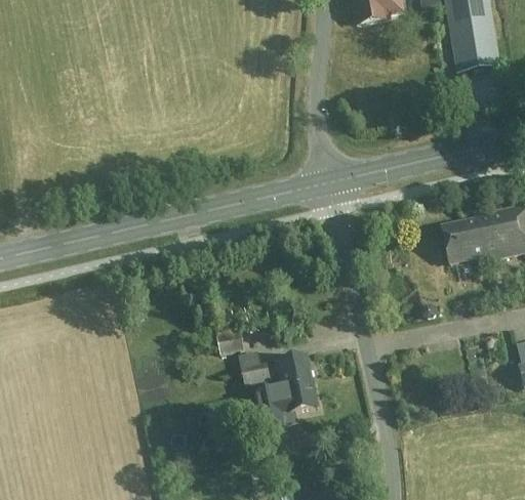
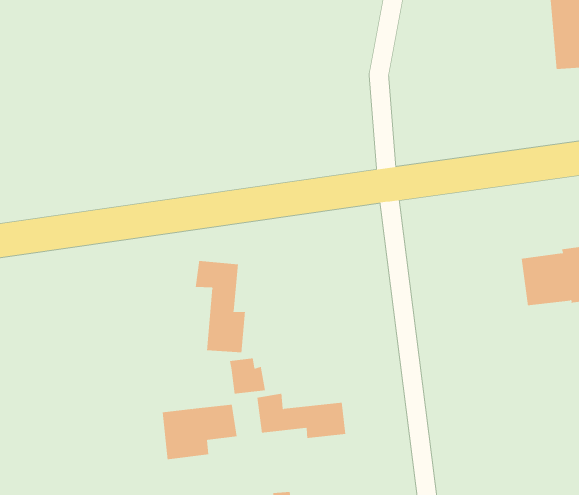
building: none -> [195,260,245,353]
building: [256,379,319,428] -> [162,404,237,460]

